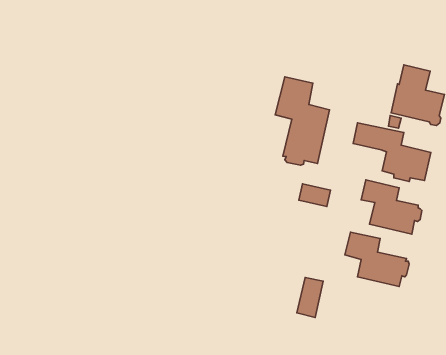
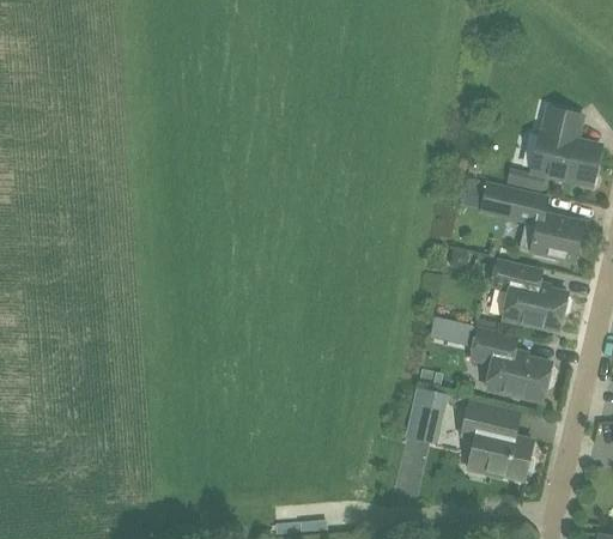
building: [275,77,330,165] -> none
building: [299,184,331,206] -> [430,317,472,347]
building: none -> [461,400,534,479]

